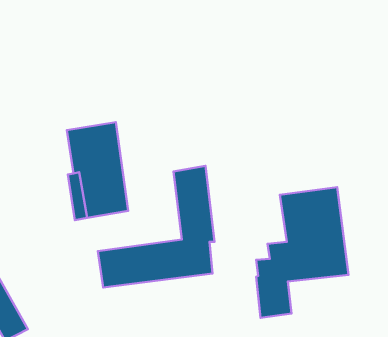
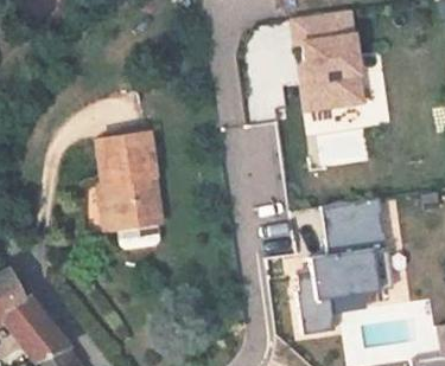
building: none -> [297,11,365,107]
building: [98,166,215,288] -> none

